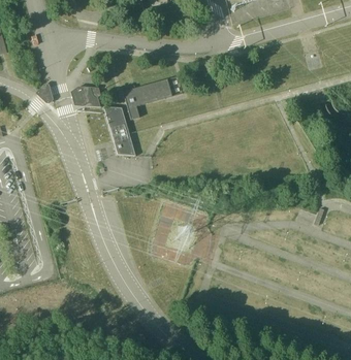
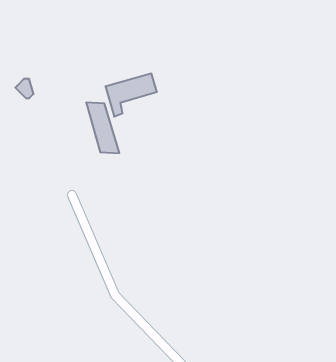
building: [74,85,101,105] -> none

